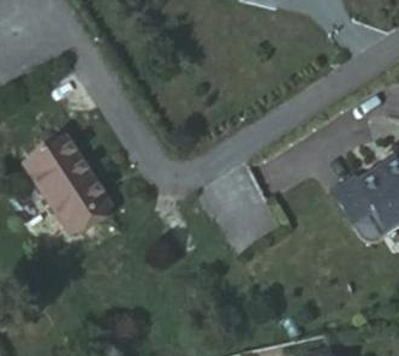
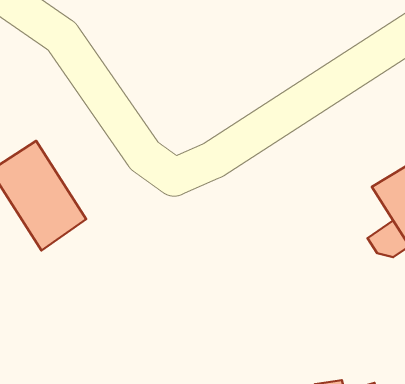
building: [335,172,381,222] -> none

